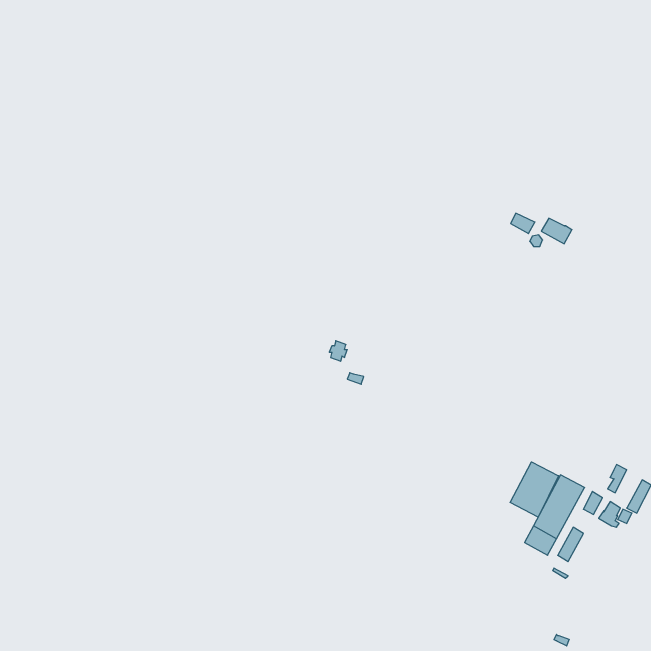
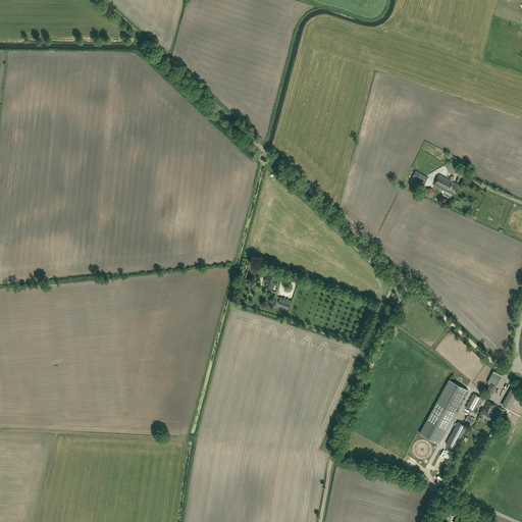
building: [510,462,559,517] -> none

